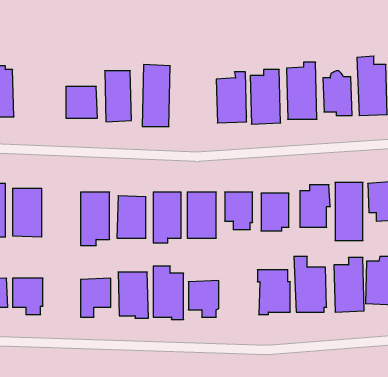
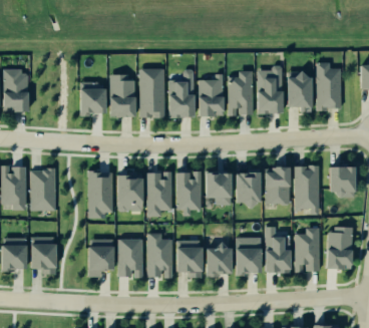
building: none -> [169,70,193,117]
building: none -> [205,247,231,279]

